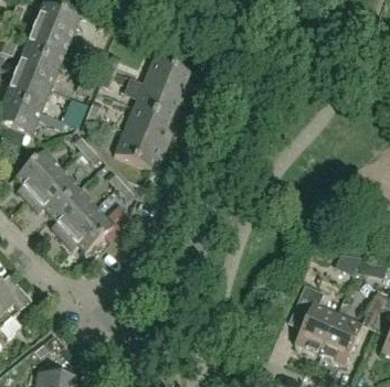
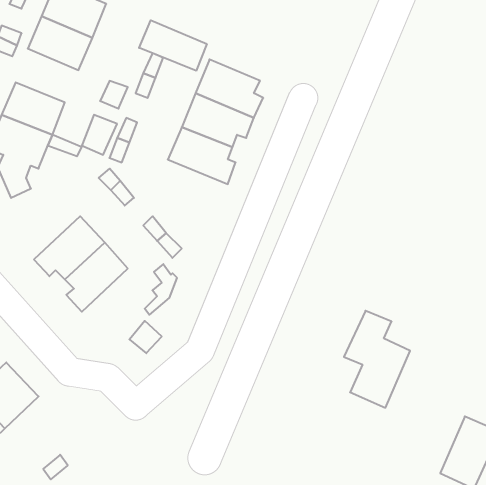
building: none -> [139,20,207,71]
building: [14,49,60,87] -> none
building: [114,128,167,166] -> none
building: [14,149,61,200] -> none
building: [62,206,113,251] -> none
building: [289,283,337,353] -> [344,311,410,408]

